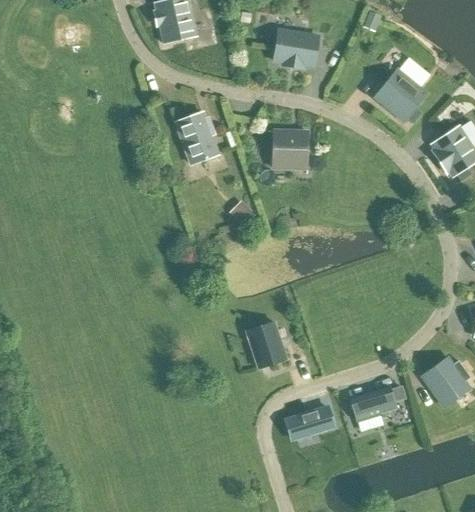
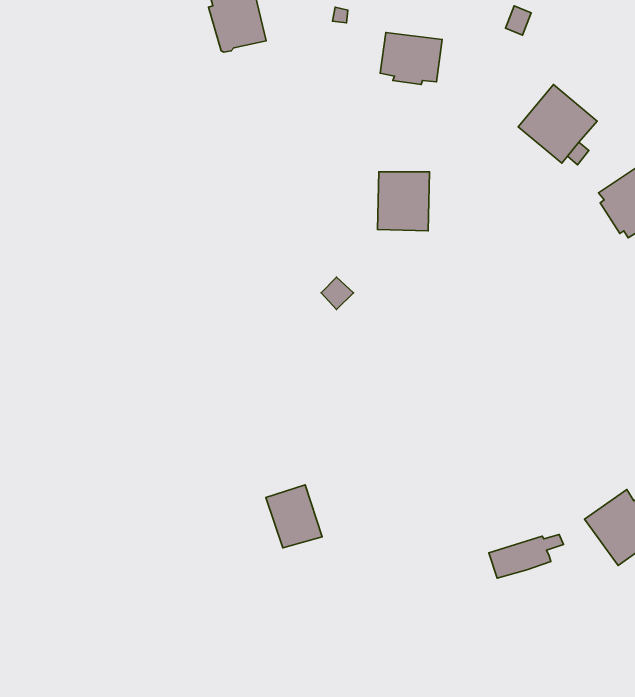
building: [175,113,219,165] -> none
building: [245,321,285,366] -> [266,485,322,548]
building: [287,406,335,437] -> none

